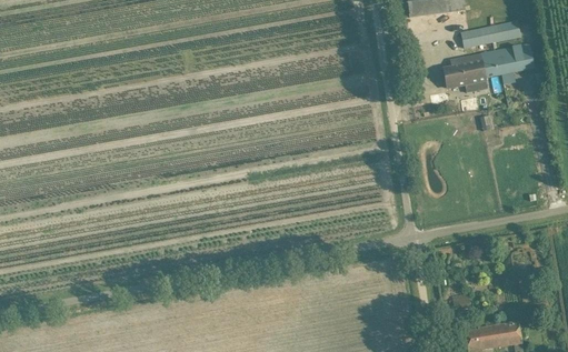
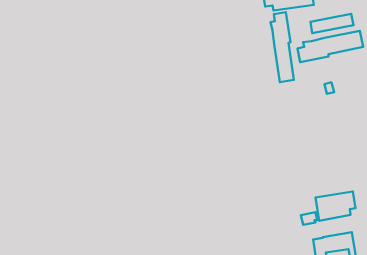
building: none -> [271,12,294,82]
building: none -> [315,191,355,221]

